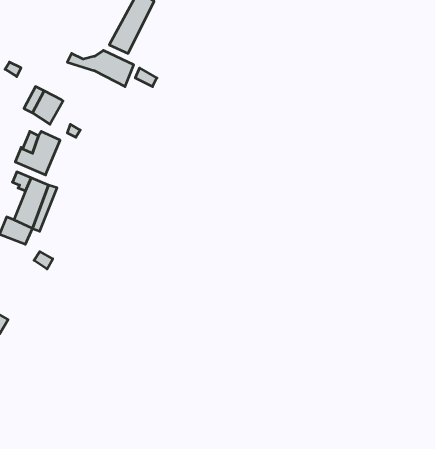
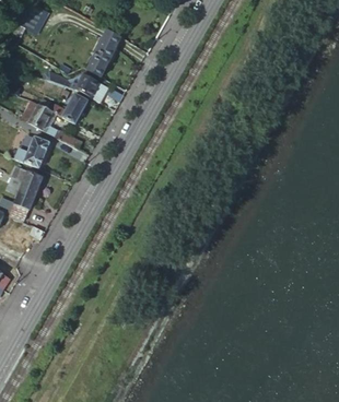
building: none -> [50,93,86,123]

